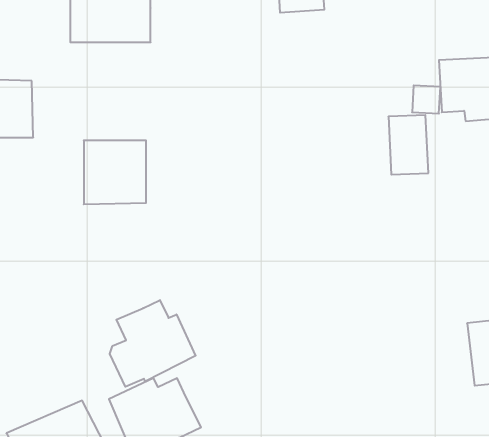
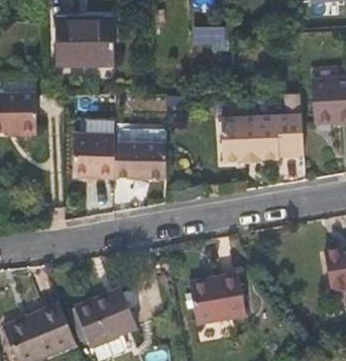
building: none -> [216,114,272,161]
building: none -> [106,140,157,172]
building: [110,300,196,387] -> none
building: none -> [191,275,249,326]

